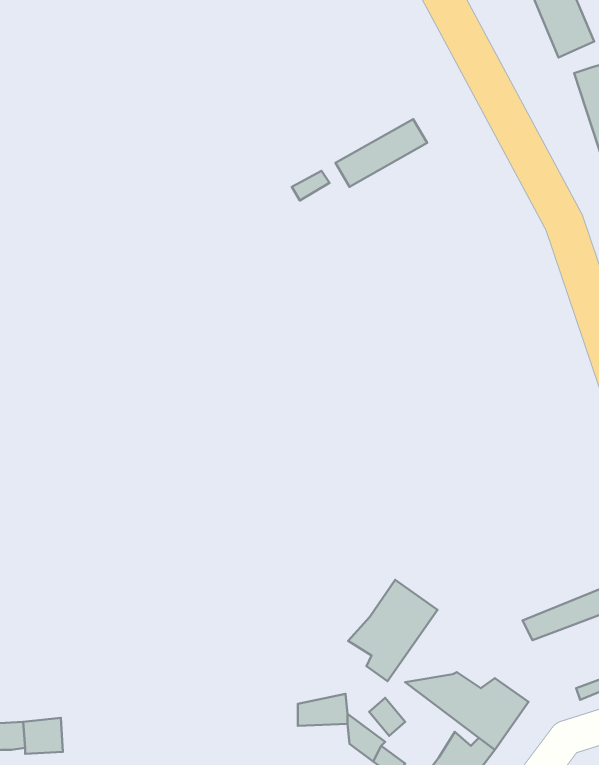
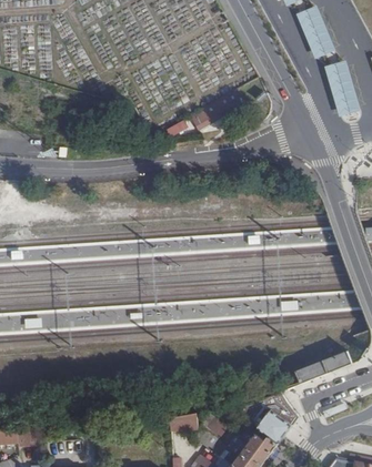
building: [348,580,437,681] -> none

